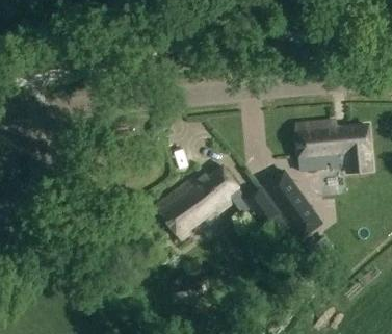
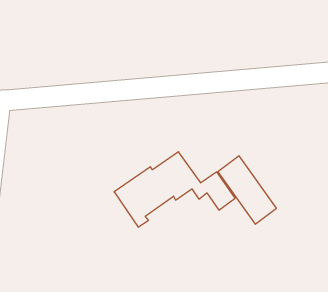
building: [296,119,371,170] -> none

